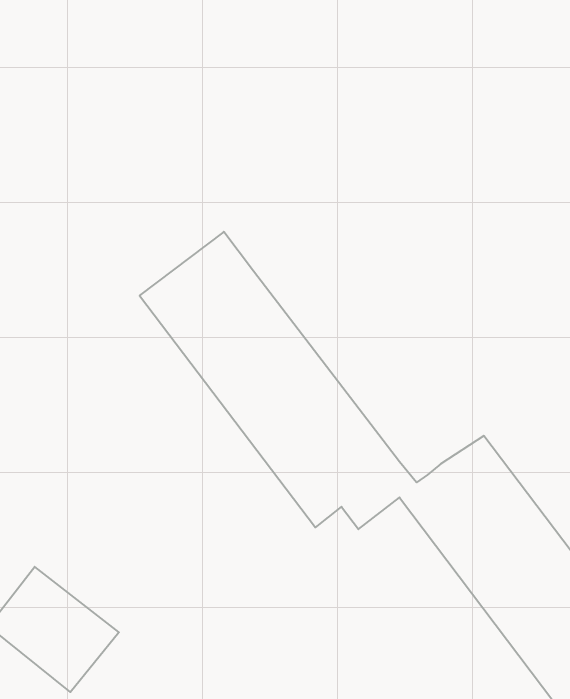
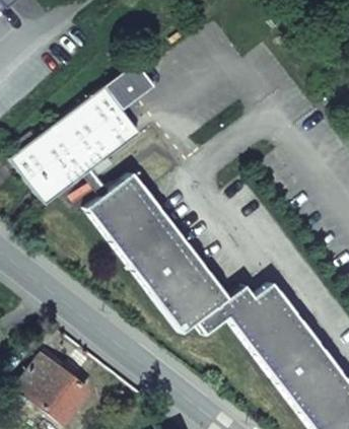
building: none -> [20,59,164,203]

